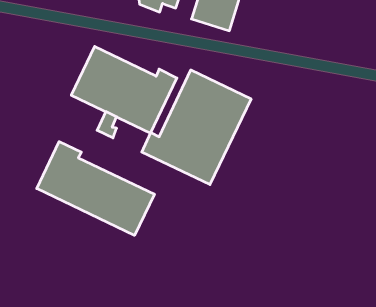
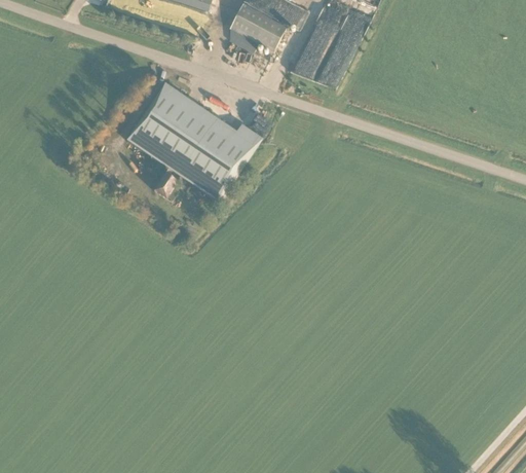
building: [142,70,251,185] -> none
building: [37,142,154,235] -> none

